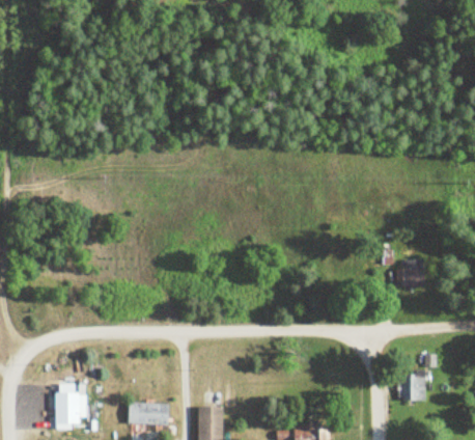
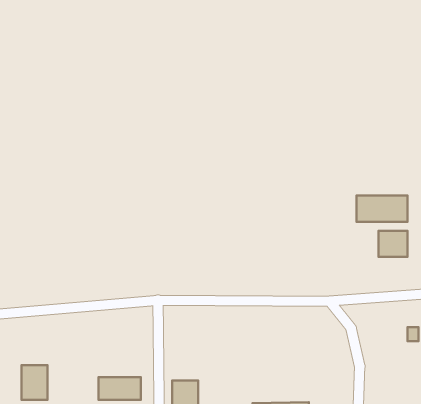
building: none -> [357,196,408,222]
building: [402,377,425,402] -> none

